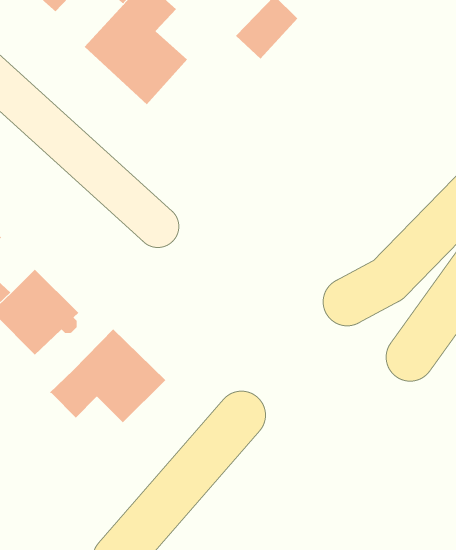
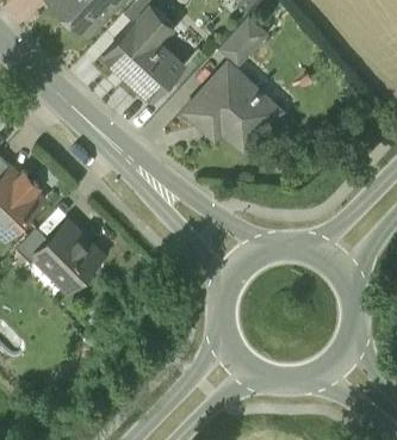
building: none -> [184,62,275,149]
building: [49,329,166,423] -> none

